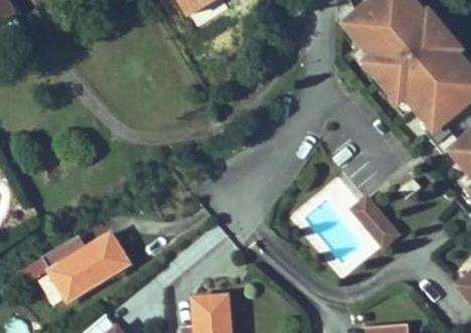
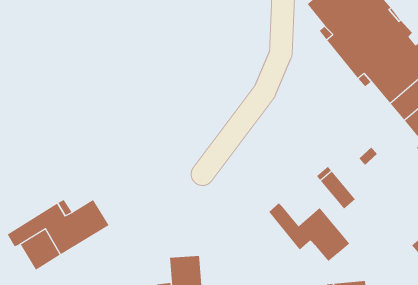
building: none -> [268,203,350,262]

